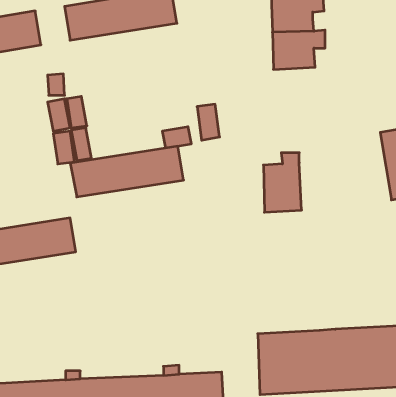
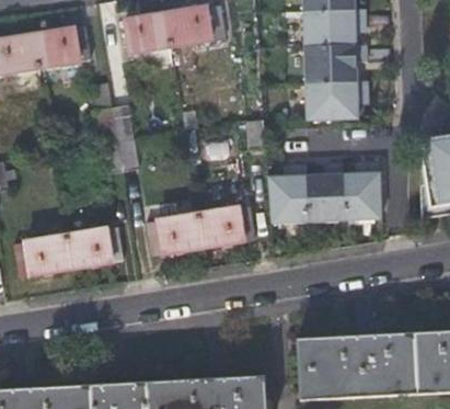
building: none -> [313,80,365,120]
building: [70,146,184,197] -> [141,206,252,255]
building: none -> [338,161,377,219]
building: none -> [263,164,304,223]

